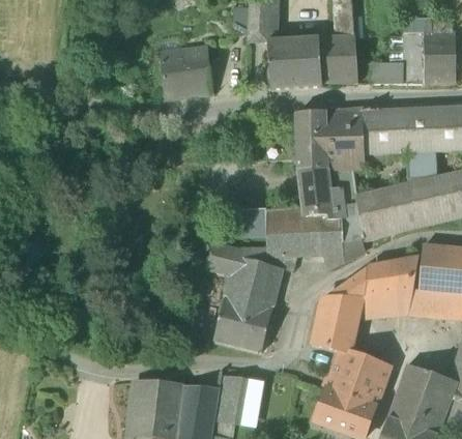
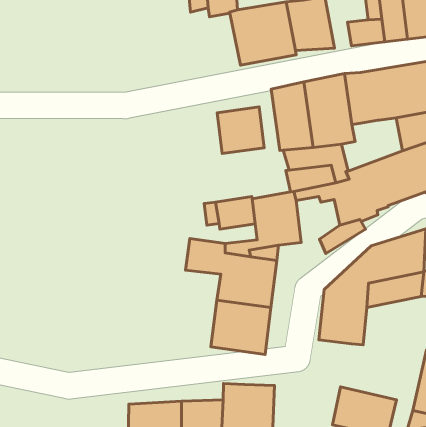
building: [161,45,212,99] -> none
building: none -> [217,107,264,154]
building: [307,214,343,254] -> none
building: [326,350,389,405] -> none

